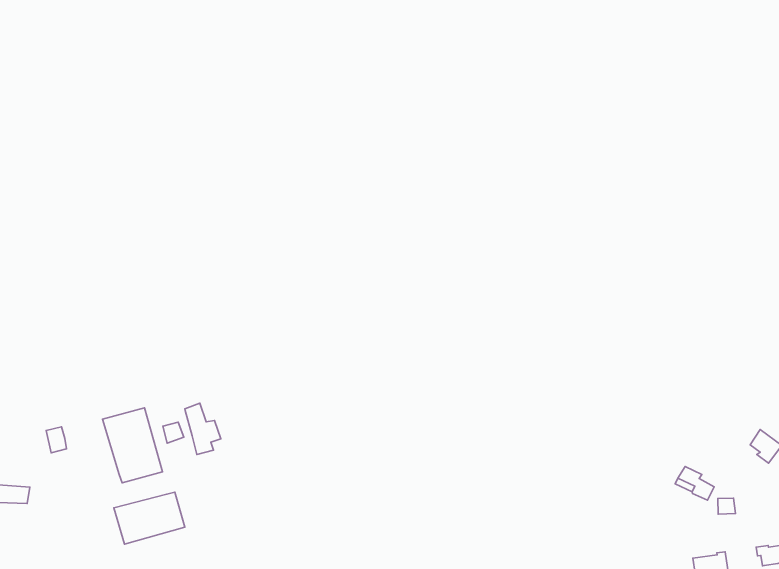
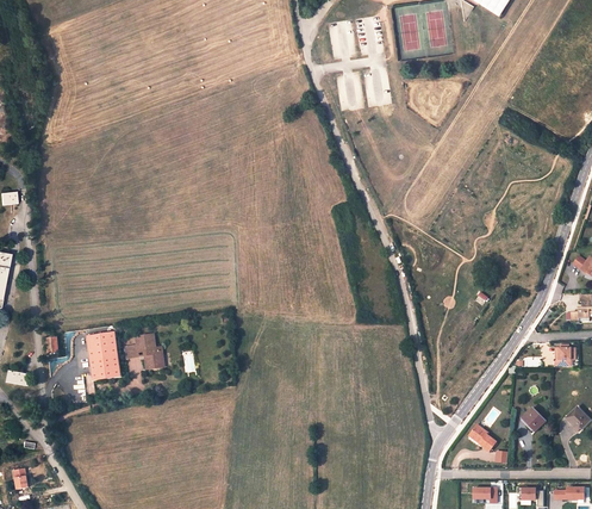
building: [114,492,185,544] -> none

